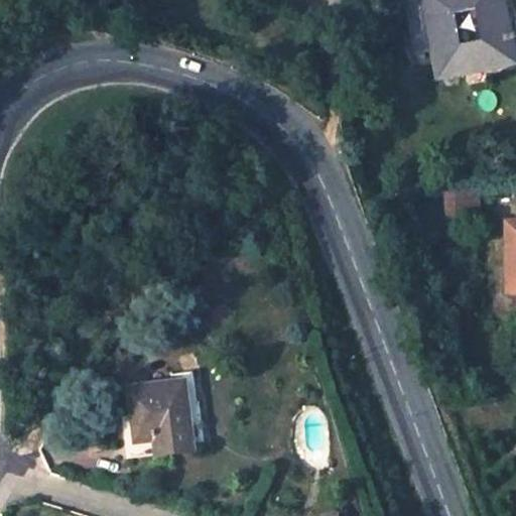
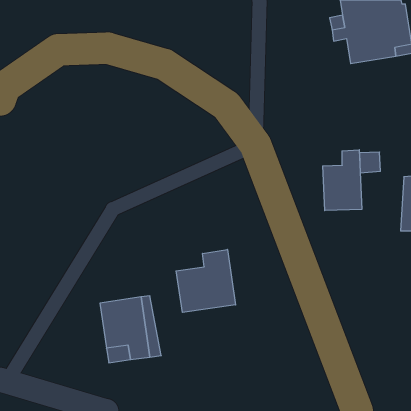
building: none -> [323,150,362,211]
building: none -> [176,249,236,312]

